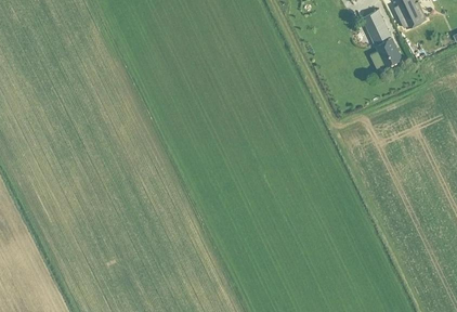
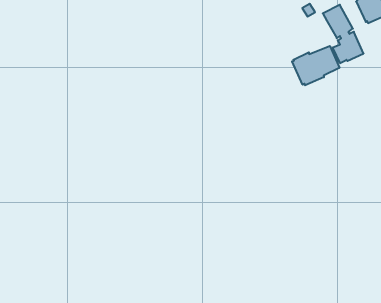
building: none -> [292,46,339,85]

